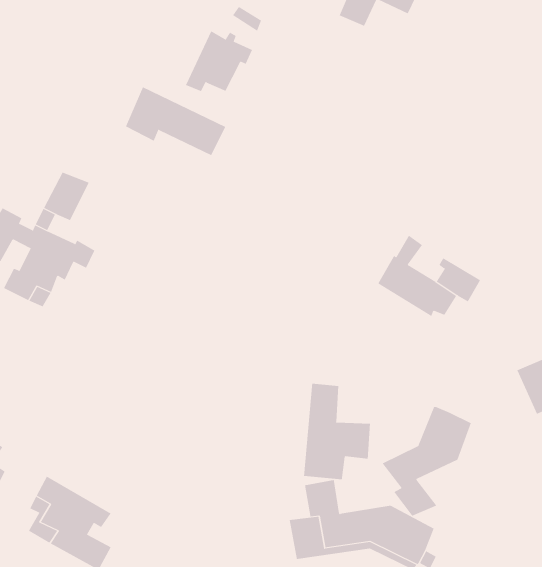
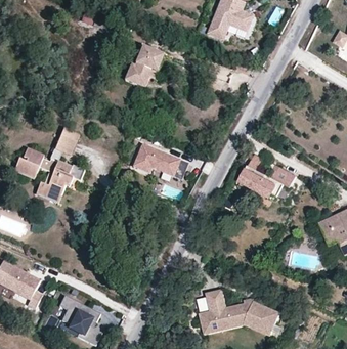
building: [125,86,226,156] -> [133,143,188,179]
building: [303,383,371,480] -> none
building: [382,406,472,517] -> none

